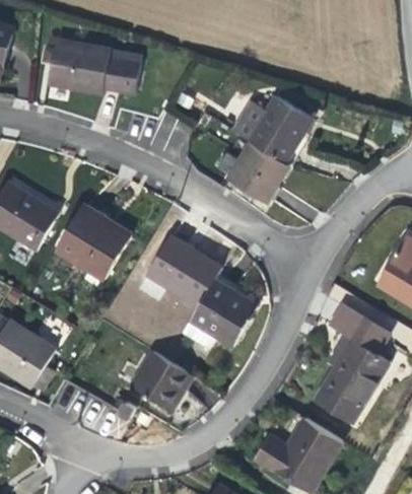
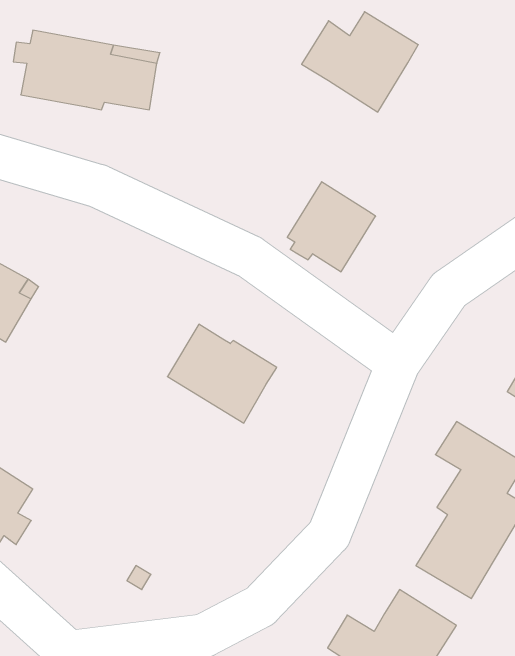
building: [232,94,312,162] -> [302,12,418,112]
building: [55,204,128,279] -> none
building: [181,278,257,349] -> none
building: [130,350,191,410] -> none

